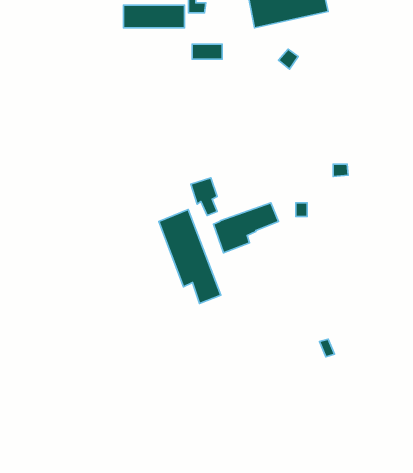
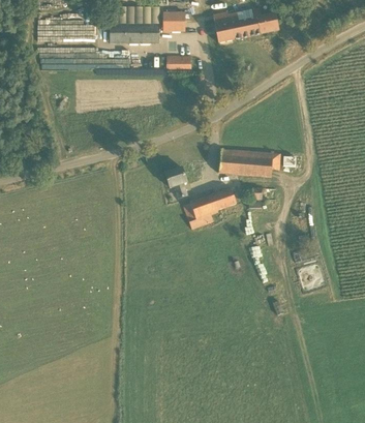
building: none -> [219,149,273,177]
building: [159,209,221,303] -> none

